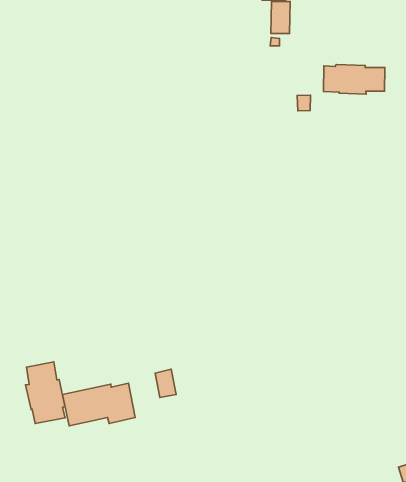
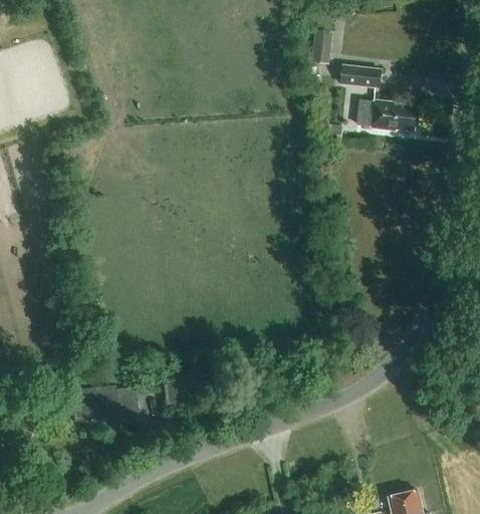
building: none -> [340,64,382,88]
building: [26,362,65,424] -> none

